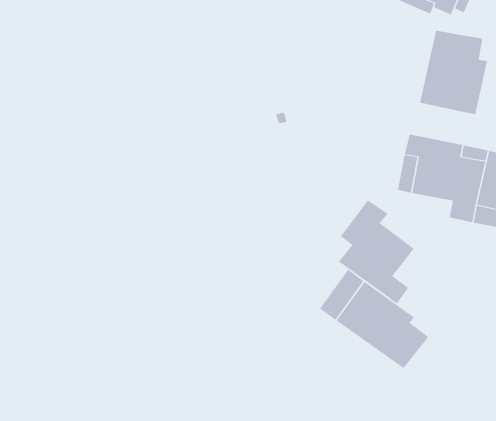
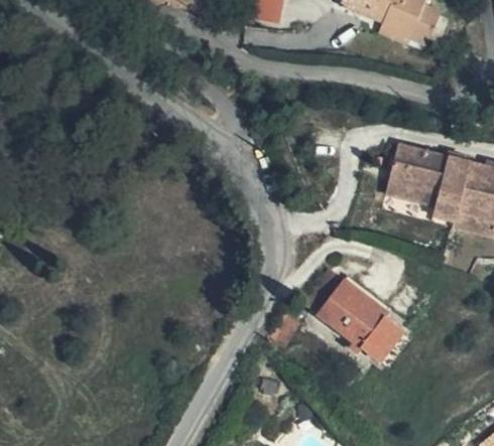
building: [420,30,487,115] -> none
building: [338,200,414,304] -> none

